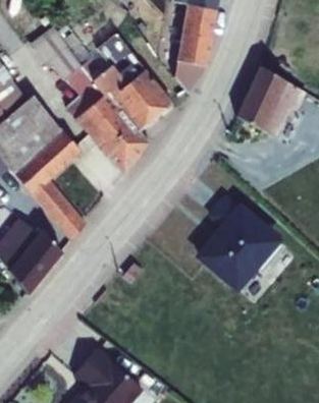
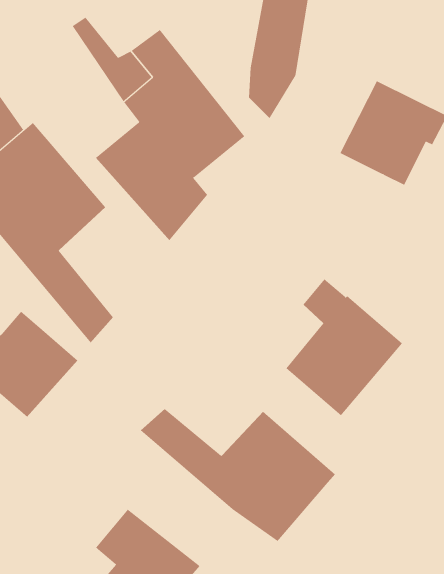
building: [30,25,103,118] -> none
building: none -> [140,408,336,542]

